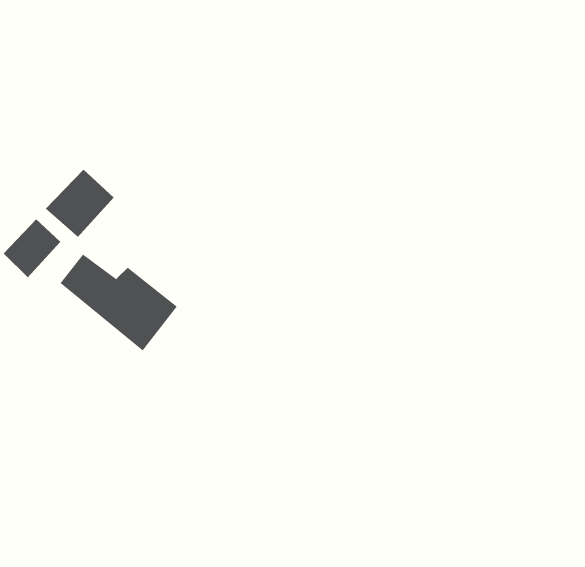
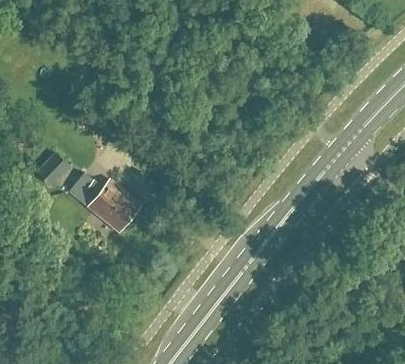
building: [45,169,114,238] -> none

